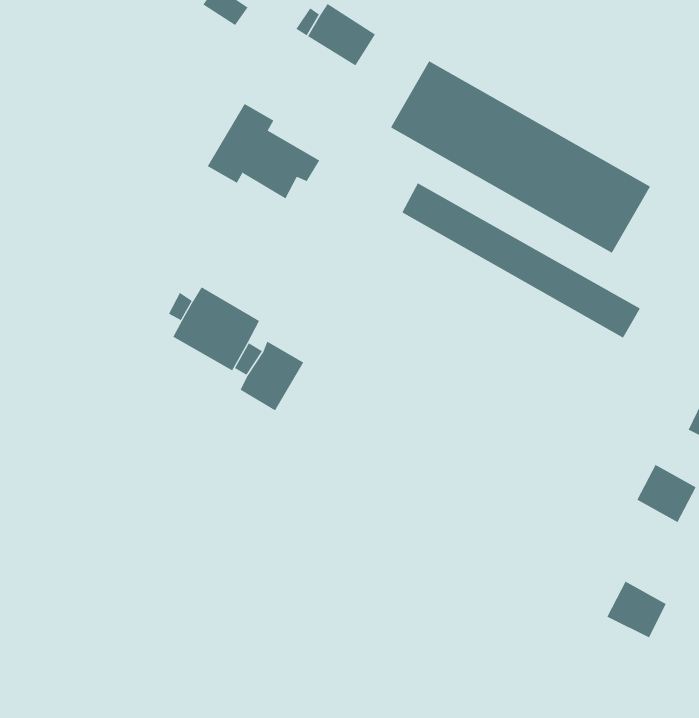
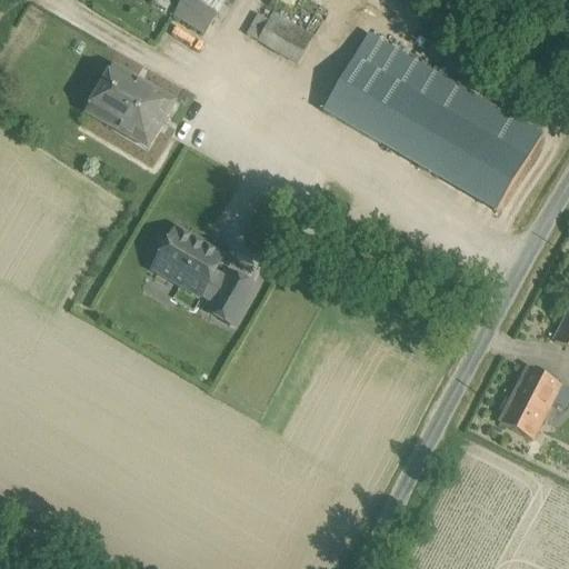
building: [207,103,320,199] -> [84,64,172,139]
building: [402,183,641,339] -> [353,31,539,152]
building: [606,581,667,638] -> [500,396,547,440]

